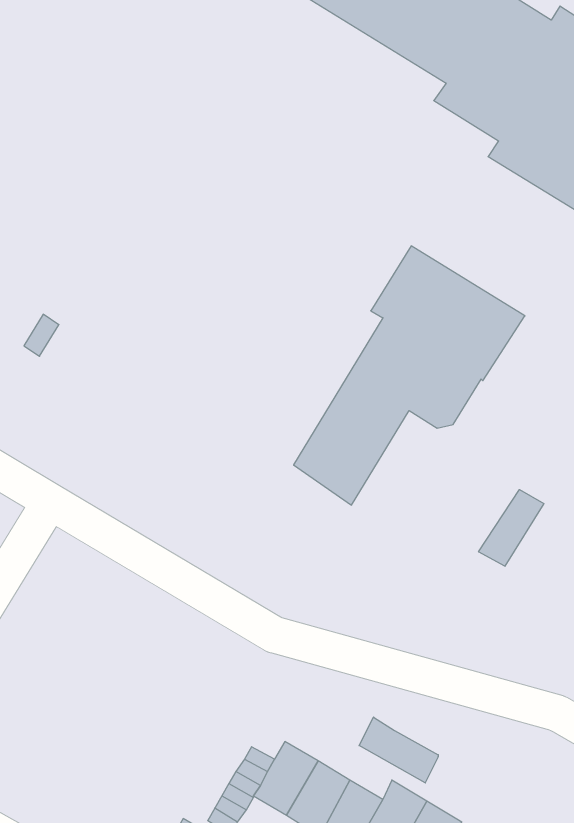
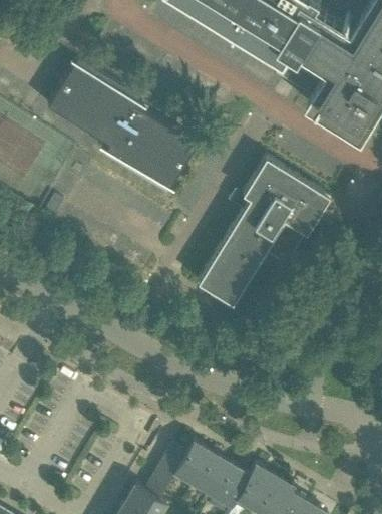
building: none -> [48,62,198,189]
building: [479,490,544,566] -> none
building: [359,717,438,783] -> none

